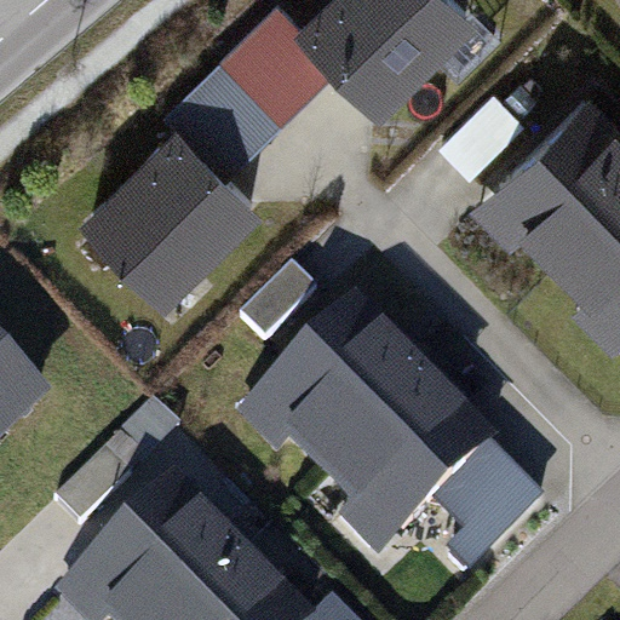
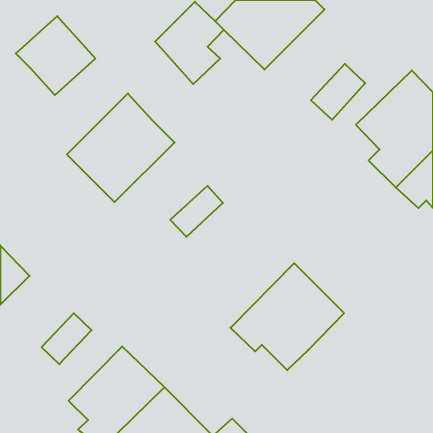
building: [162,61,276,173] -> [16,16,95,95]
building: [271,306,420,469] -> none
building: [441,448,544,572] -> none

